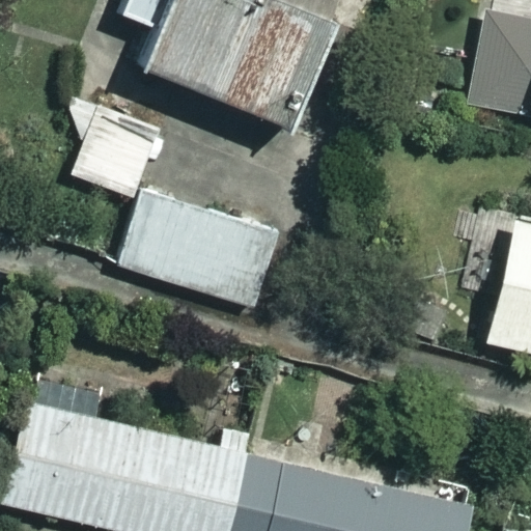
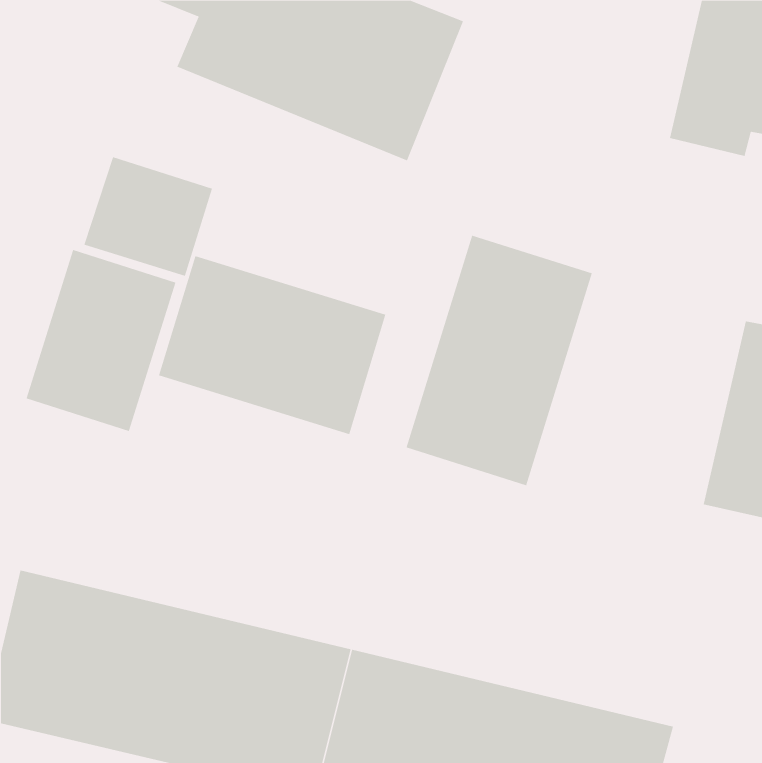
building: none -> [406,235,593,486]
building: none -> [26,249,176,432]

